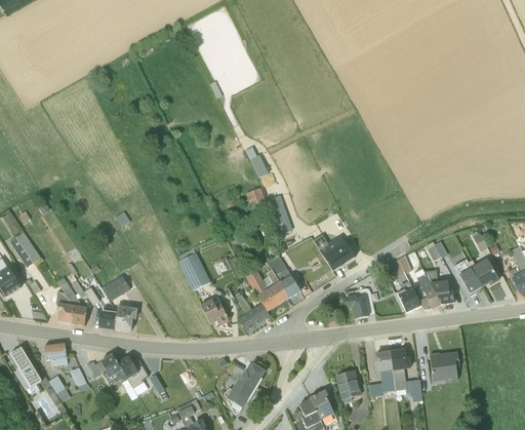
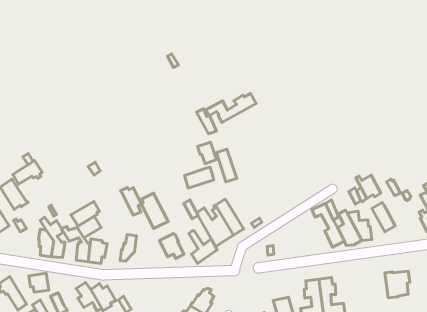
building: none -> [206,93,256,123]
building: none -> [13,160,42,184]
building: none -> [184,167,214,188]
building: [313,234,355,271] -> none
building: none -> [121,187,142,215]
building: none -> [71,202,99,226]
building: [468,259,497,286] -> [356,175,381,198]
building: [346,288,374,318] -> none
building: none -> [120,235,137,261]
building: [430,352,459,384] -> [385,271,410,298]

